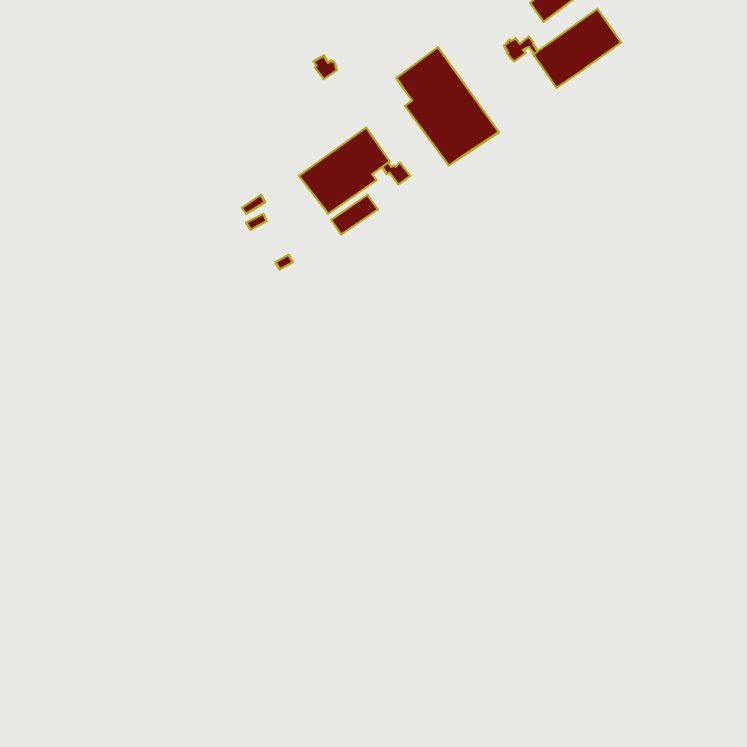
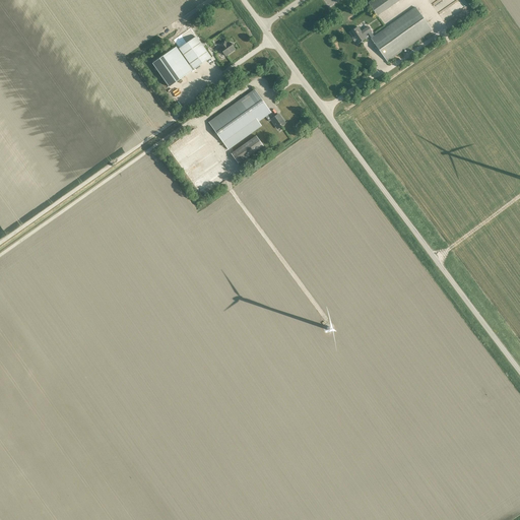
building: [397,47,499,165] -> none
building: none -> [151,36,209,86]

